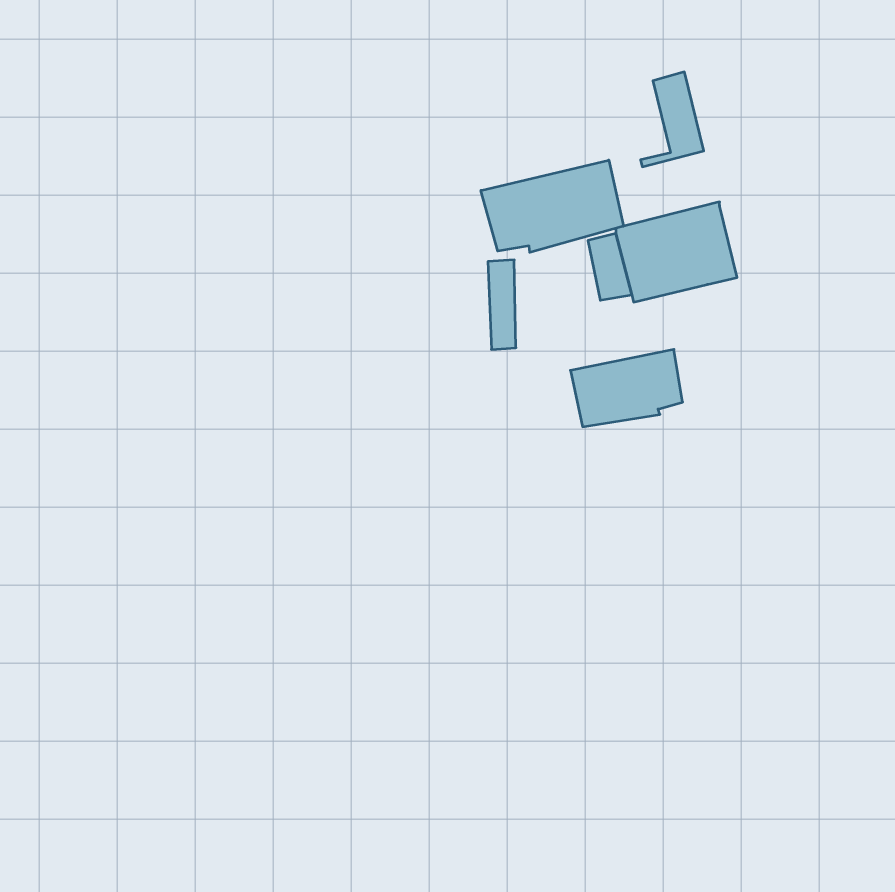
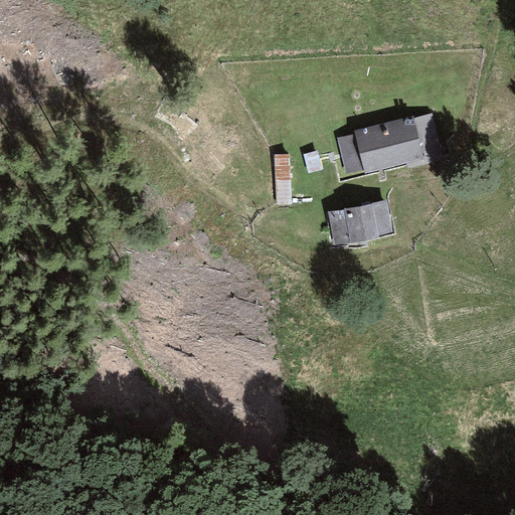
building: [641,72,704,167] -> [405,113,442,167]
building: [481,160,623,252] -> none

